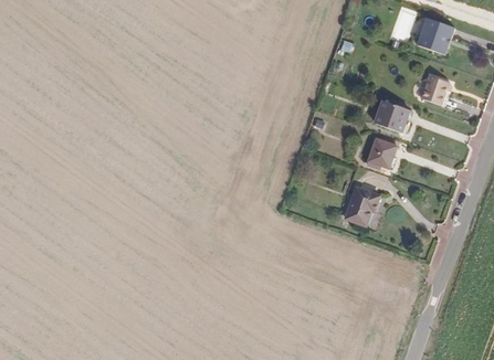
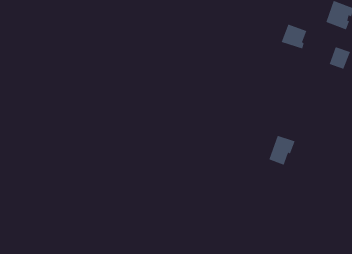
building: [374,100,407,133] -> [281,24,307,49]
building: [366,138,396,169] -> none

